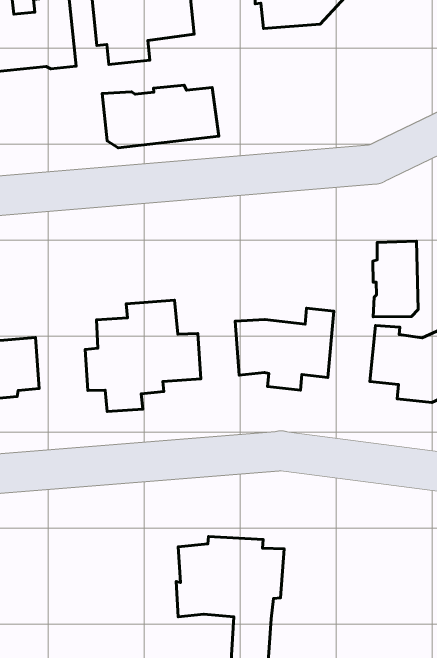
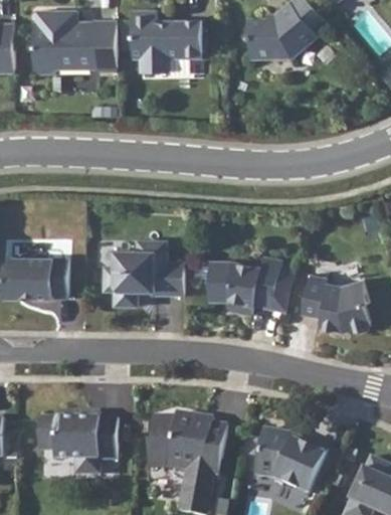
building: [102,85,219,148] -> none
building: [373,241,418,317] -> none
building: none -> [254,427,328,494]
building: none -> [38,412,117,475]

